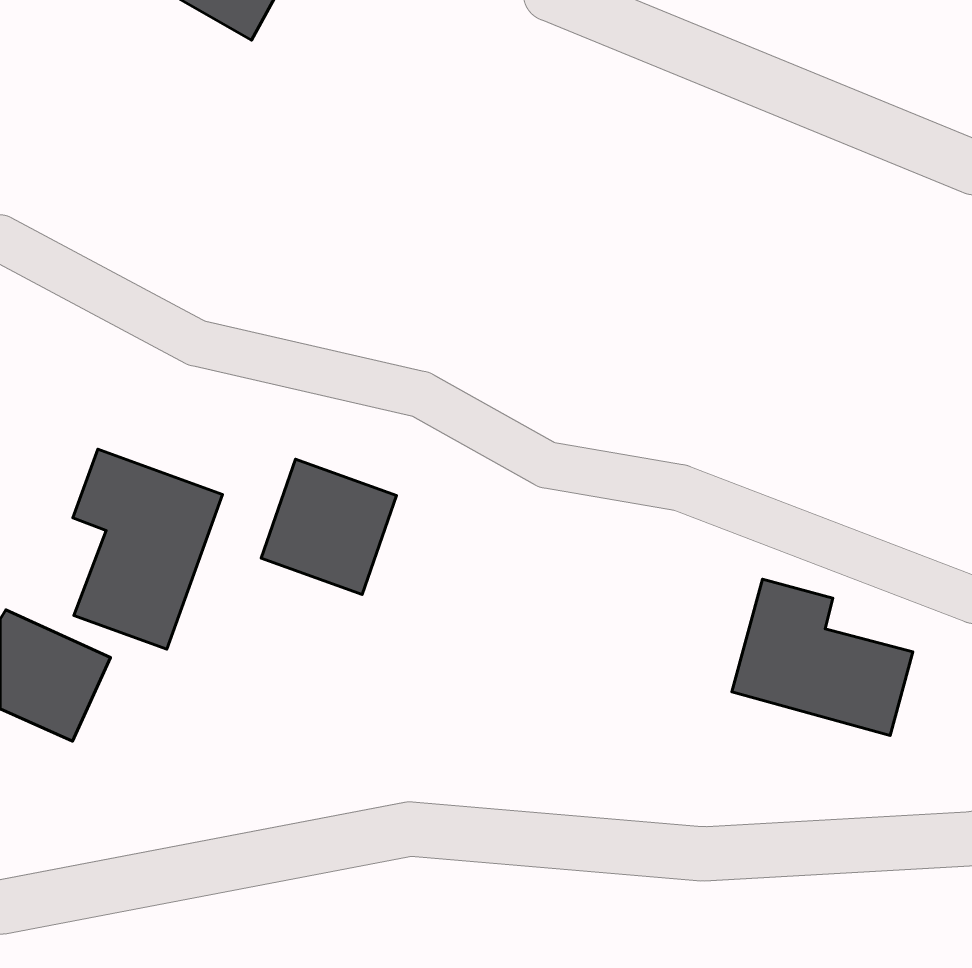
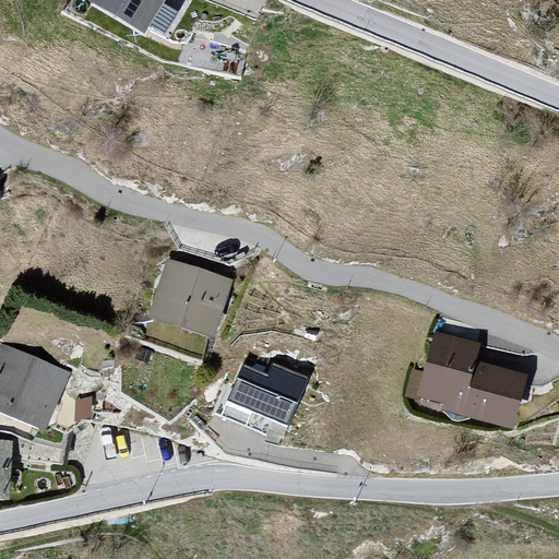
building: [73,449,222,649] -> none
building: none -> [224,362,307,430]

